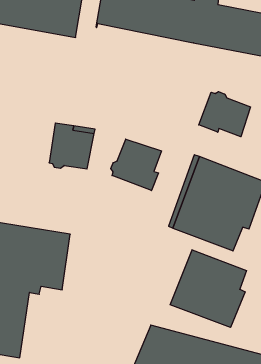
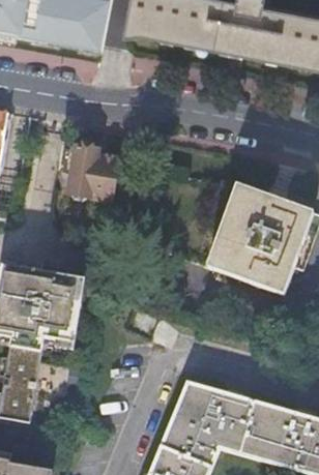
building: [199,92,251,137] -> none
building: [111,139,162,191] -> none
building: [170,250,246,327] -> none

